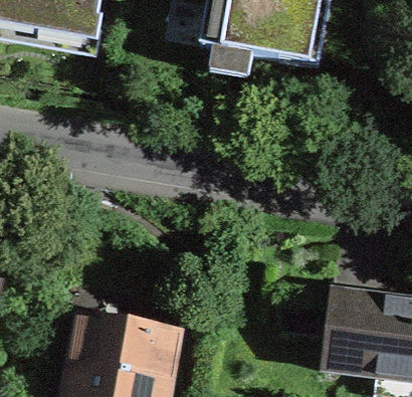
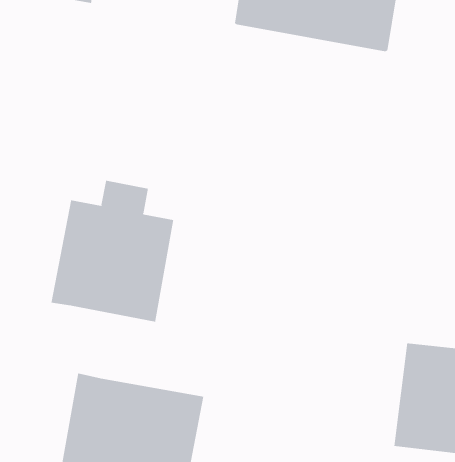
building: none -> [51,180,174,323]

